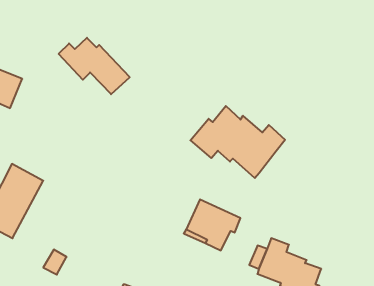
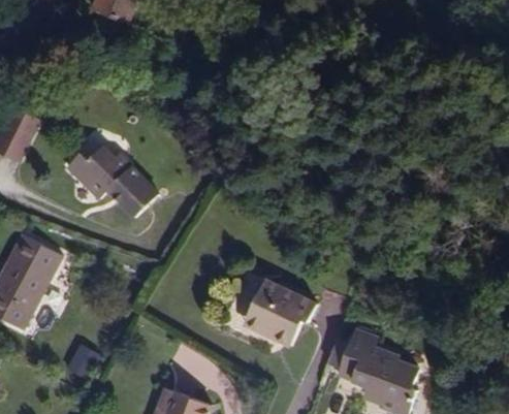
building: [59,38,130,94] -> [67,144,158,216]
building: [190,106,285,178] -> none

